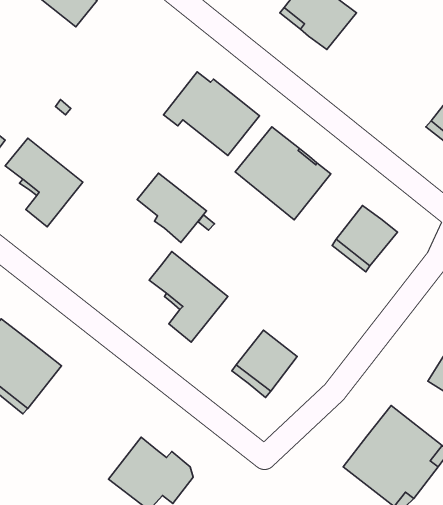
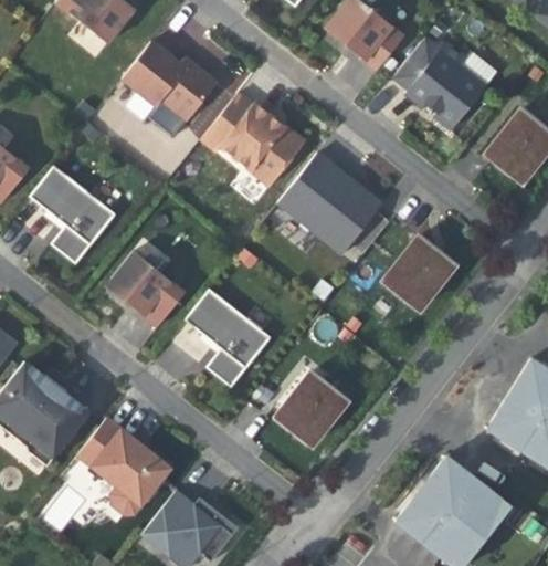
building: none -> [394,38,486,129]
building: none -> [120,44,215,123]
building: [137,173,206,243] -> [124,262,199,337]
building: none -> [77,418,170,515]

